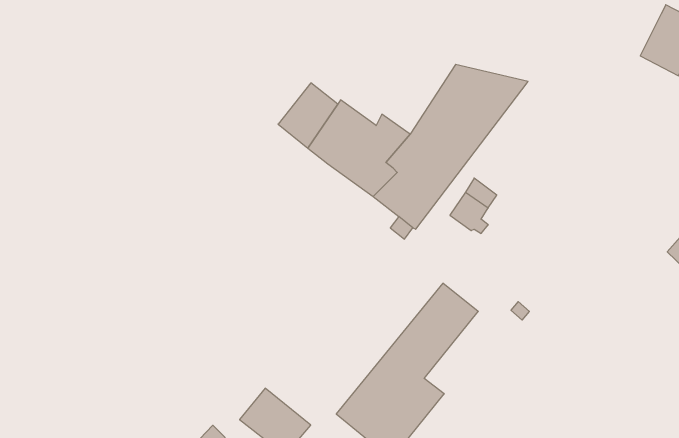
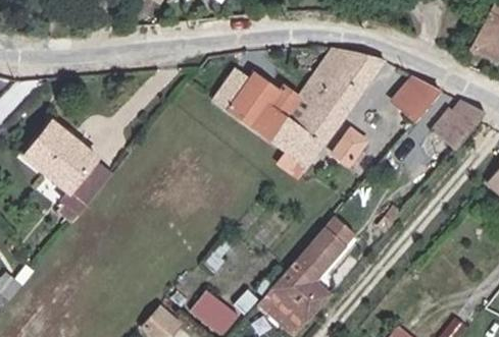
building: none -> [393,76,443,121]
building: none -> [431,100,488,152]
building: none -> [15,115,101,221]

